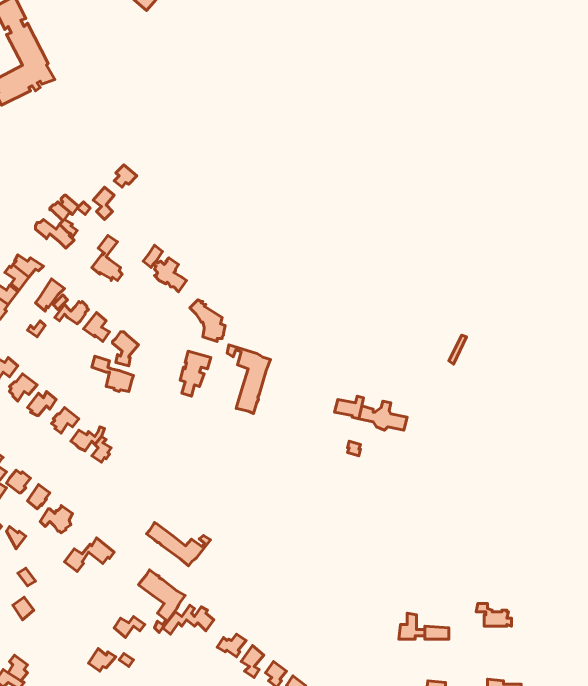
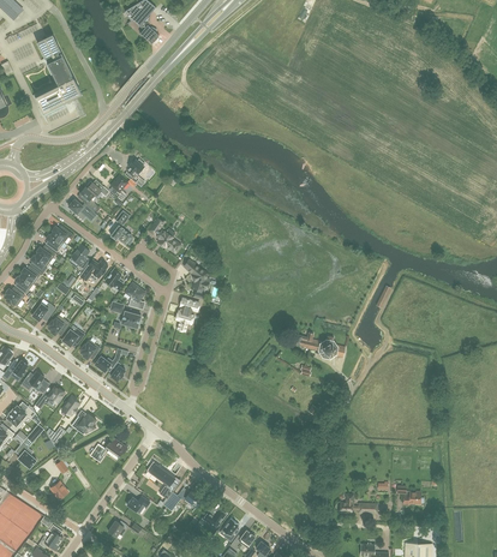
building: [227,345,271,413] -> none
building: [146,522,211,566] -> none

